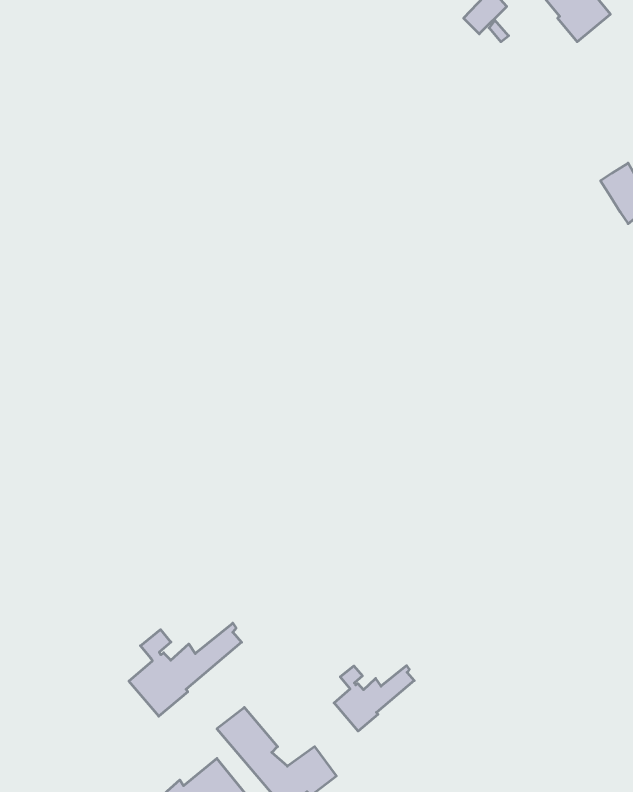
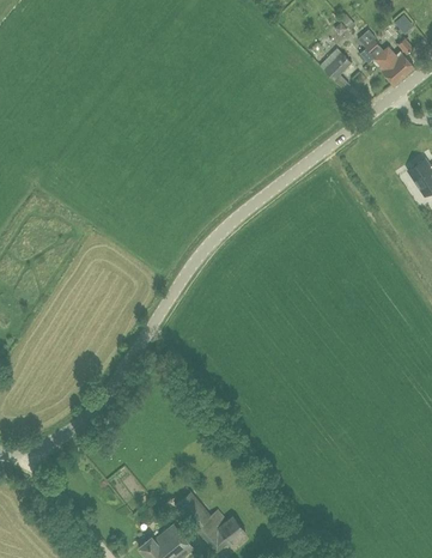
building: [129,623,242,716] -> none
building: [334,666,414,731] -> none

